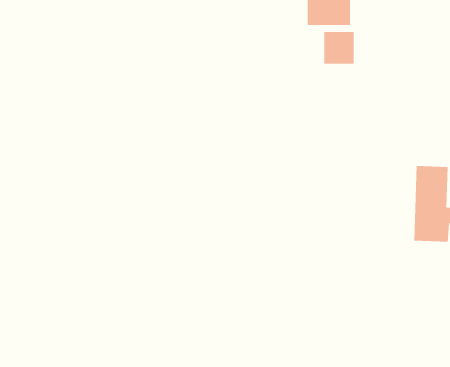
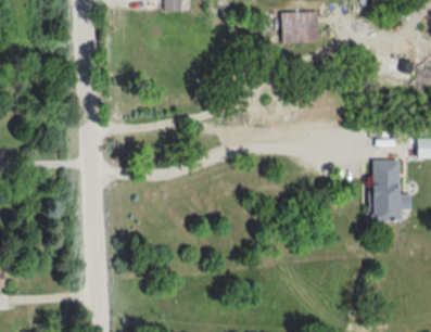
building: [324,31,354,65] -> none

